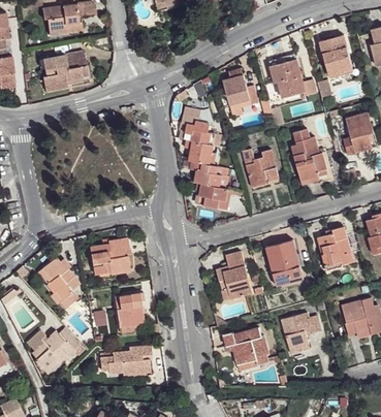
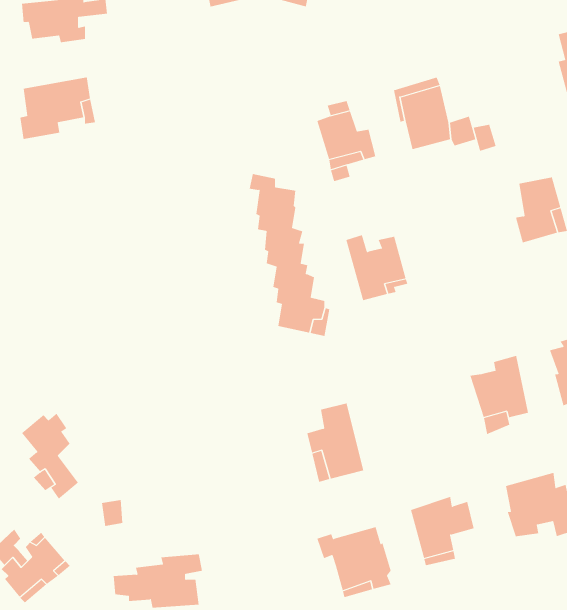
building: [322,35,355,76] -> none
building: [290,129,332,186] -> none
building: [91,239,131,277] -> none
building: [266,242,303,288] -> none
building: [116,292,147,327] -> none

